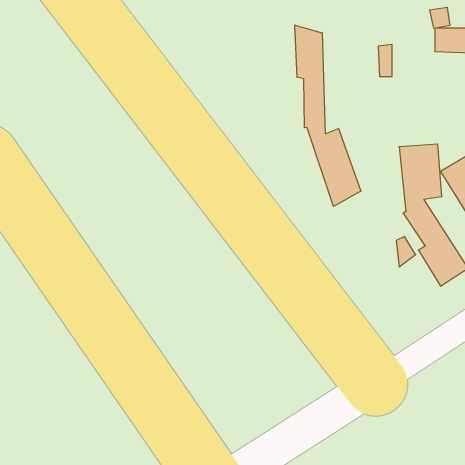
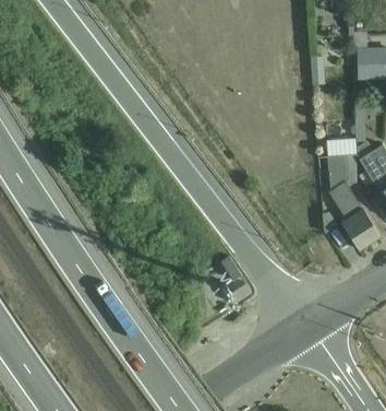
building: [295,25,361,206] -> none

